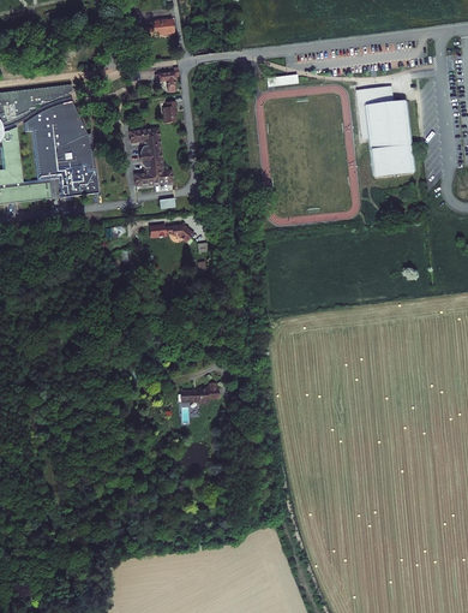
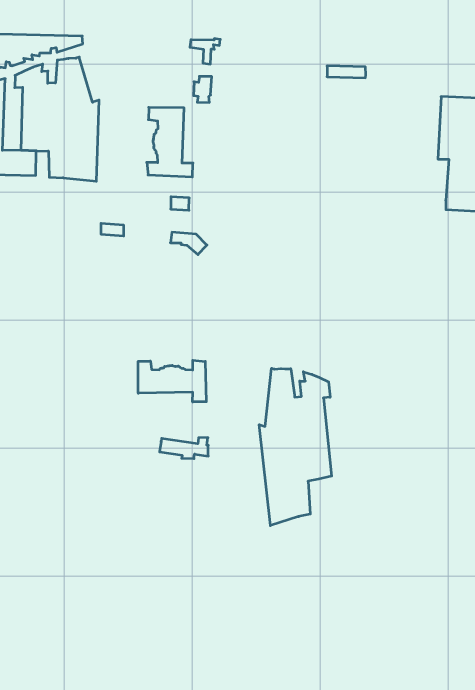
building: none -> [259,368,332,526]
building: none -> [138,360,206,402]

